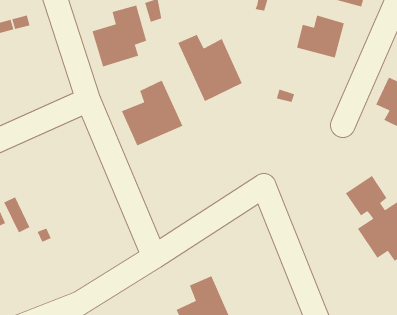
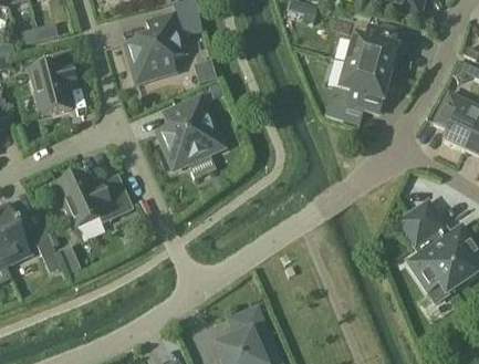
building: [177,34,243,102] -> none
building: none -> [30,50,76,114]
building: none -> [340,60,393,111]
building: none -> [56,169,133,227]

